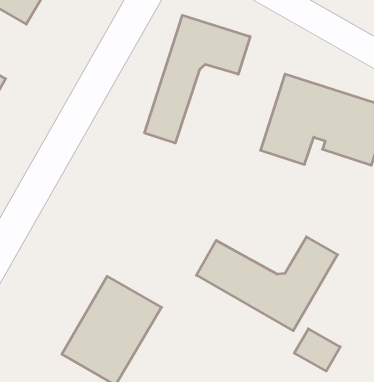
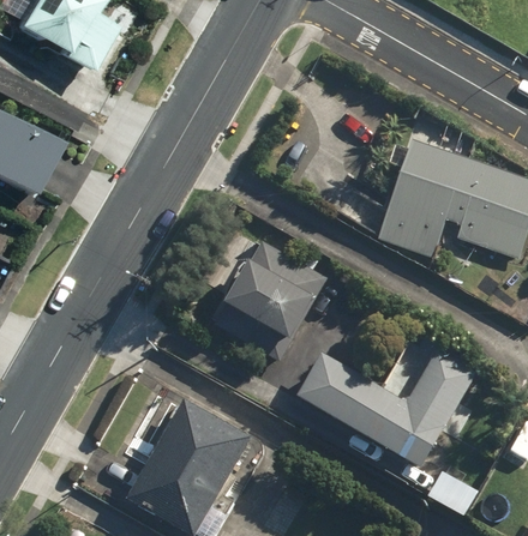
building: [145,15,250,143] -> none
building: none -> [209,234,330,362]

